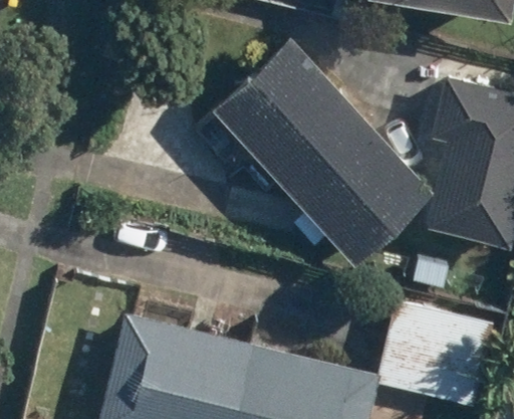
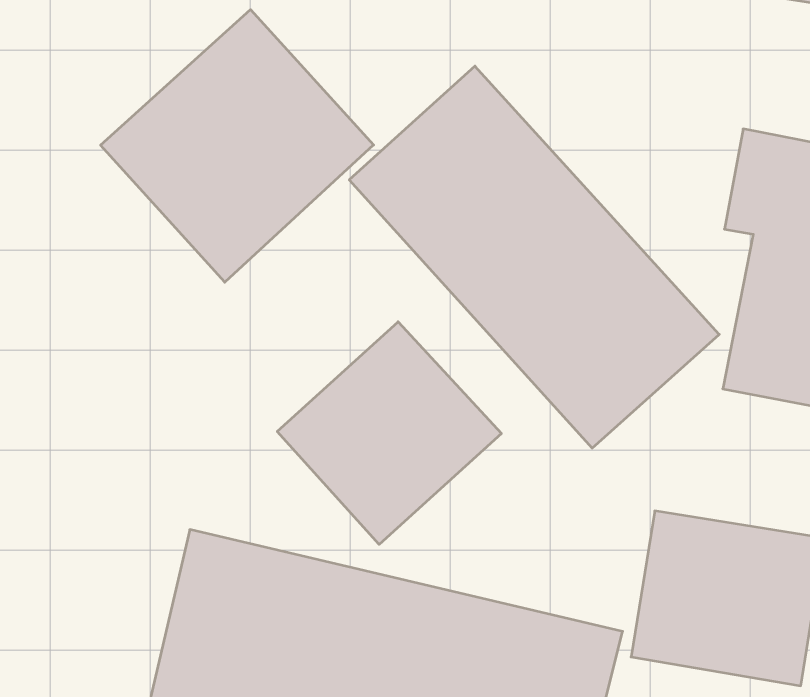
building: none -> [101,10,374,282]
building: none -> [277,322,501,544]

